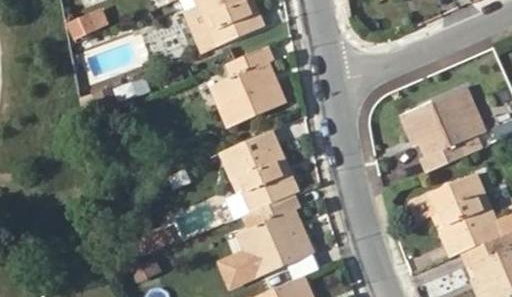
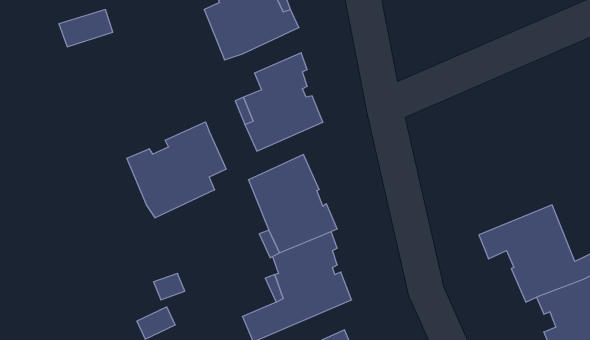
building: [401,84,489,169] -> none
building: none -> [127,122,226,218]

